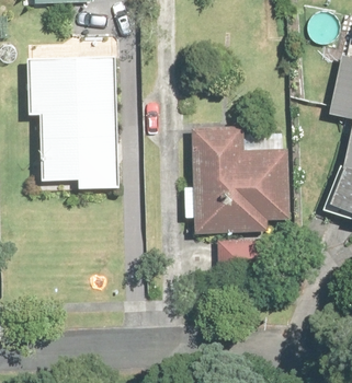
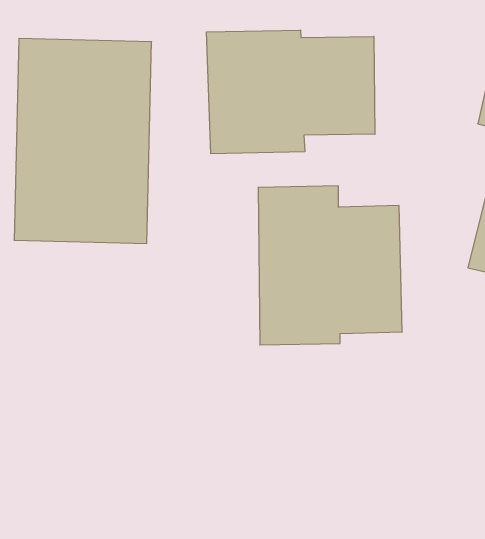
building: none -> [207,30,375,154]

